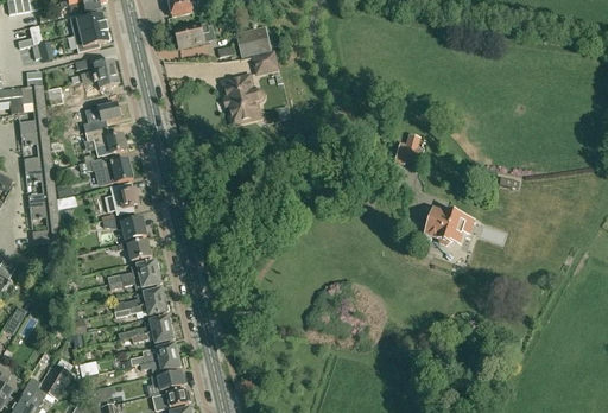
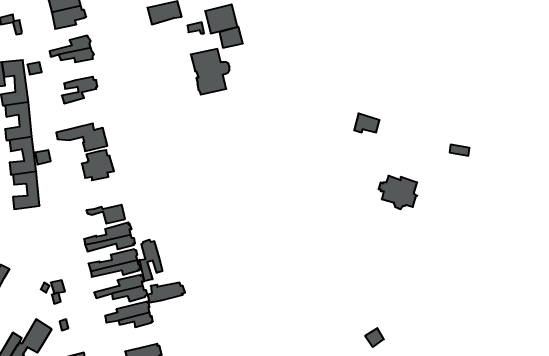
building: [86,126,125,155] -> none
building: [101,215,146,239] -> none
building: none -> [139,240,162,281]
building: [146,371,186,393] -> [147,283,185,303]

